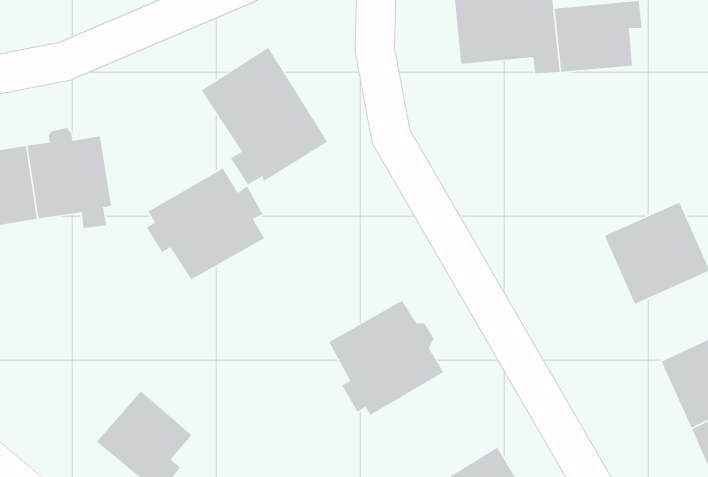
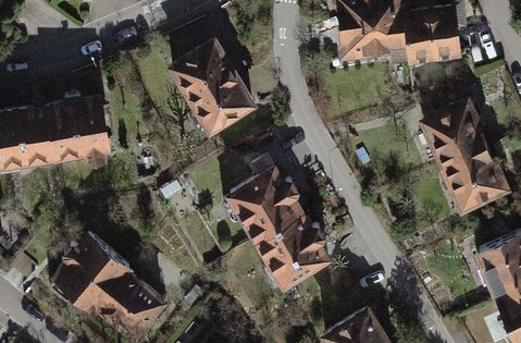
building: none -> [418,96,491,168]
building: [146,168,265,280] -> [223,163,303,240]
building: none -> [48,235,131,310]

